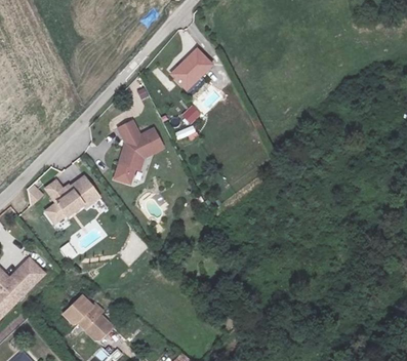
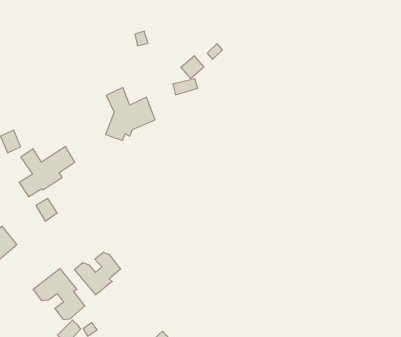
building: [166,54,206,96] -> none
building: none -> [75,252,121,295]

